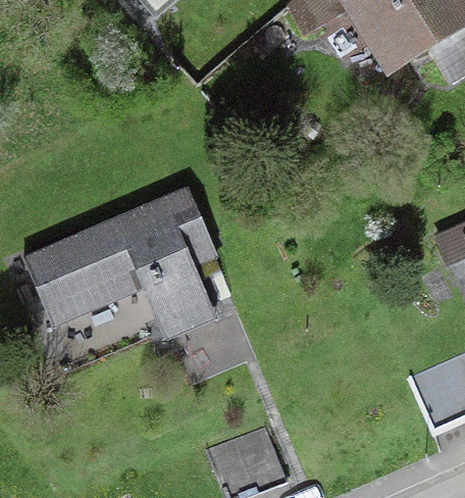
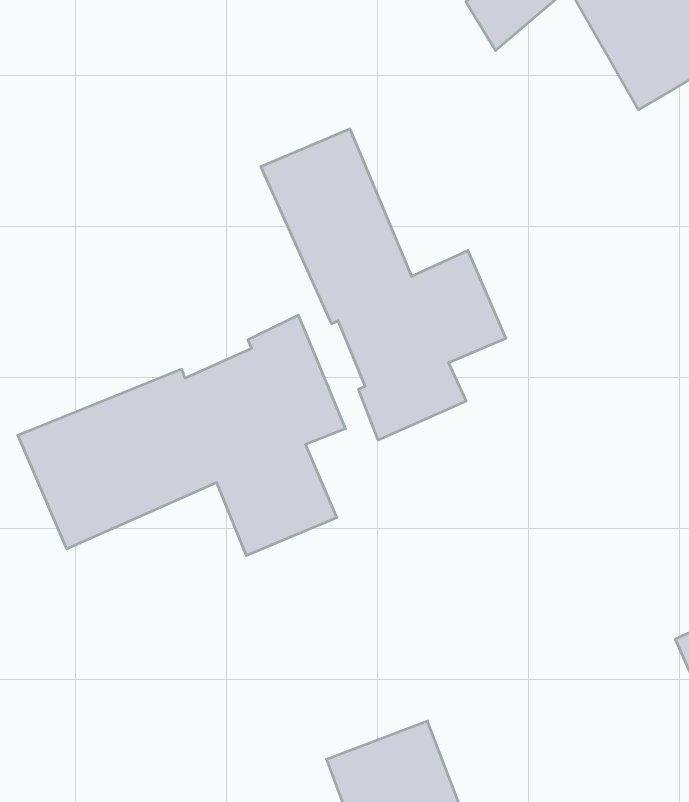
building: none -> [261,129,506,440]

